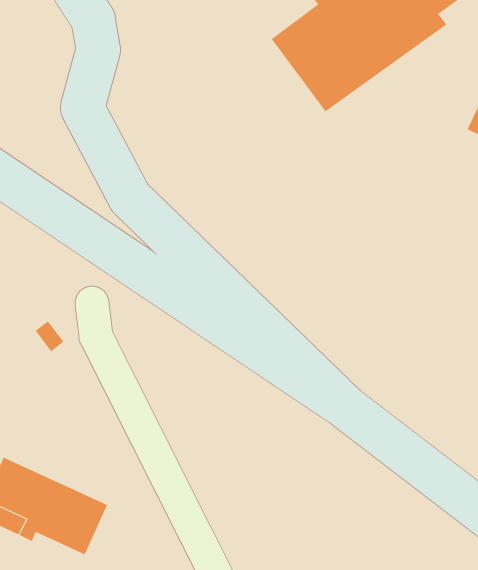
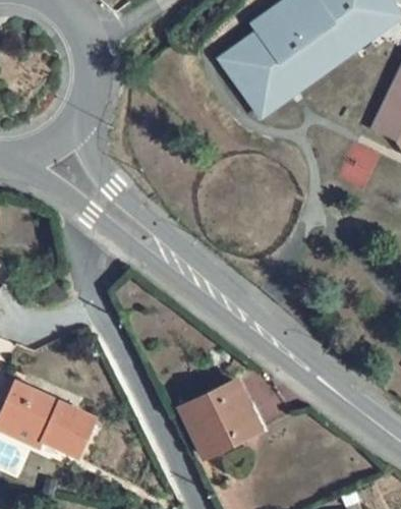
building: none -> [181,382,261,457]

